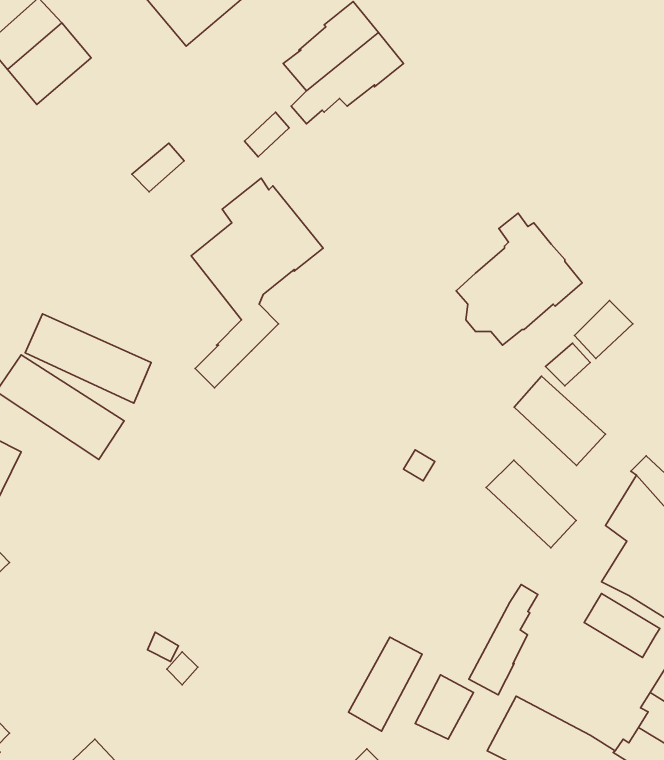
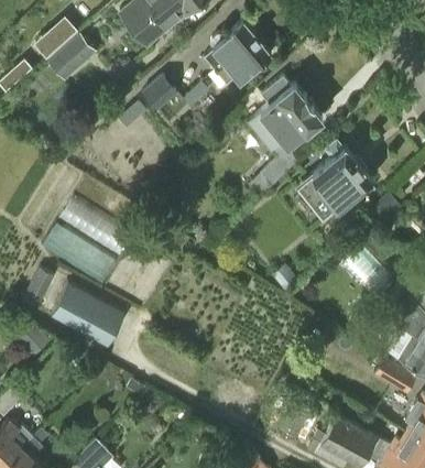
building: none -> [141,76,178,112]
building: [191,178,323,388] -> [248,79,323,198]
building: [486,460,576,548] -> none
building: none -> [51,284,126,349]
building: [469,585,538,695] -> none
building: [349,637,422,731] -> none

